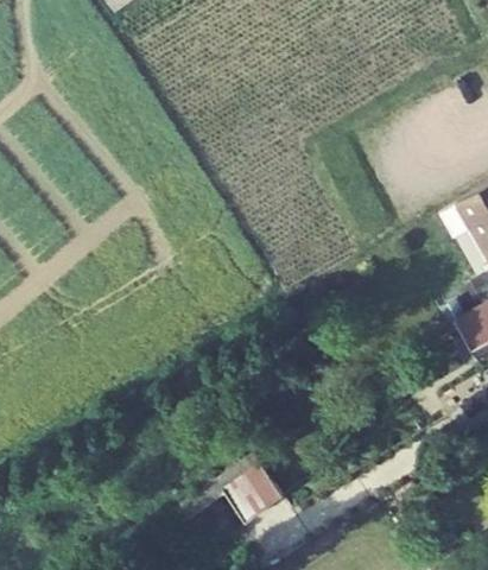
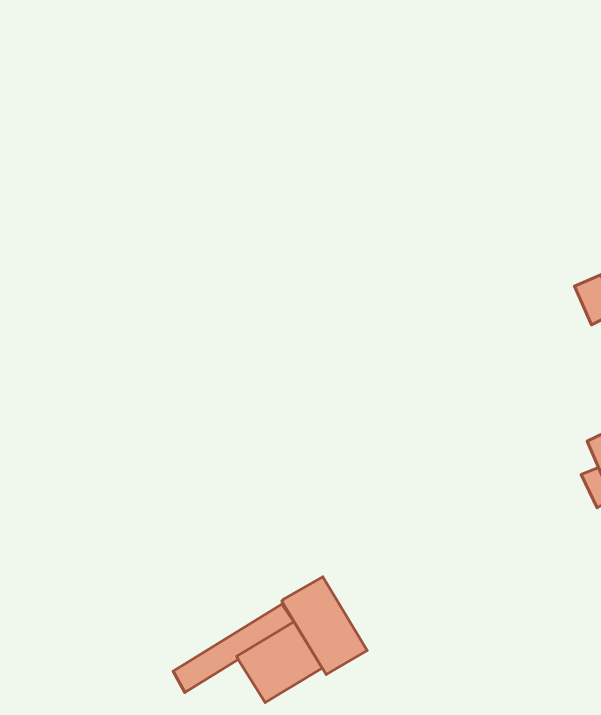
building: none -> [282,577,367,675]

